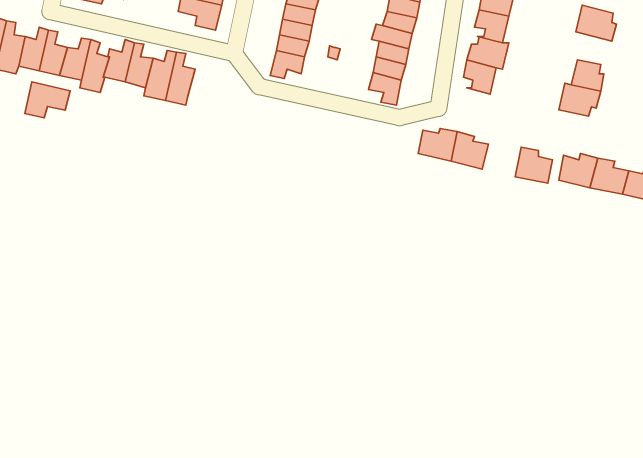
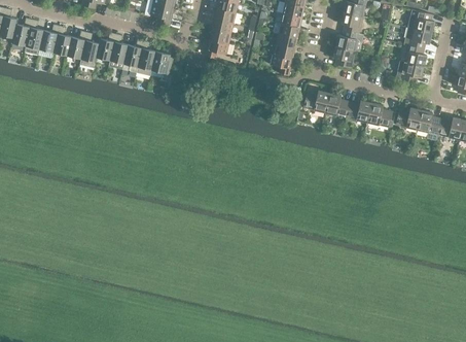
building: none -> [403,27,431,48]
building: none -> [151,52,176,74]
building: [25,82,70,118] -> none
building: none -> [346,100,371,123]

